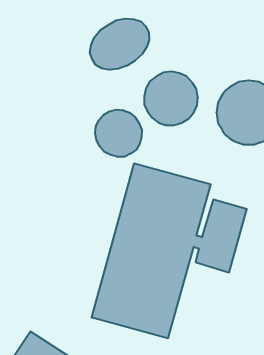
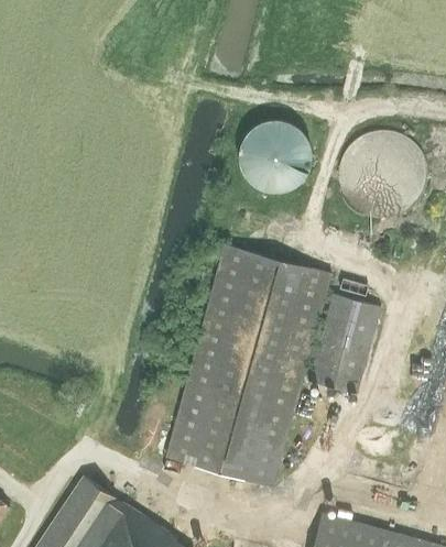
building: [90,19,149,70] -> none
building: [95,110,142,157] -> none

